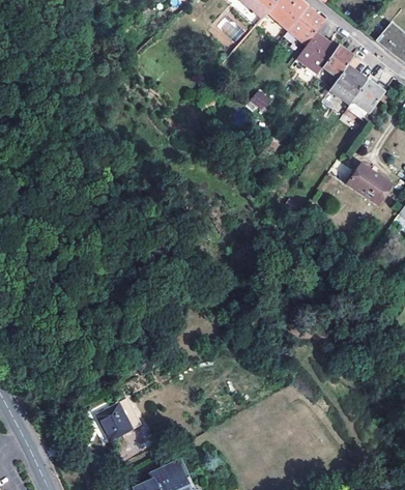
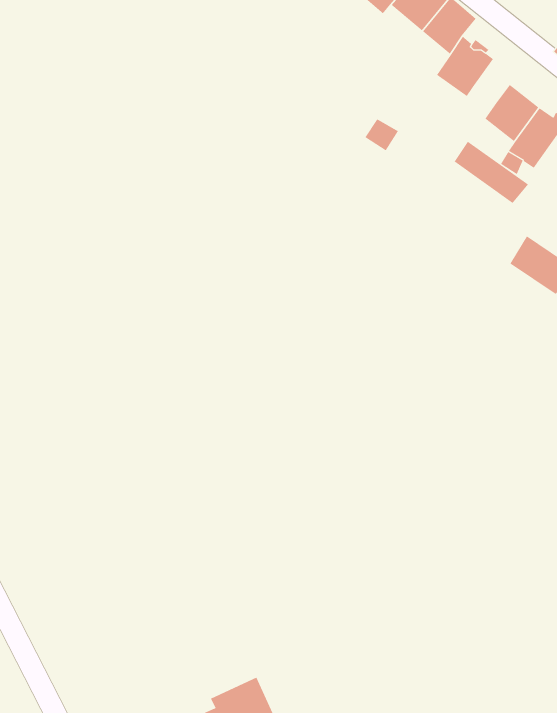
building: [323,46,353,78] -> none
building: none -> [454,141,529,204]
building: [95,400,141,443] -> none

